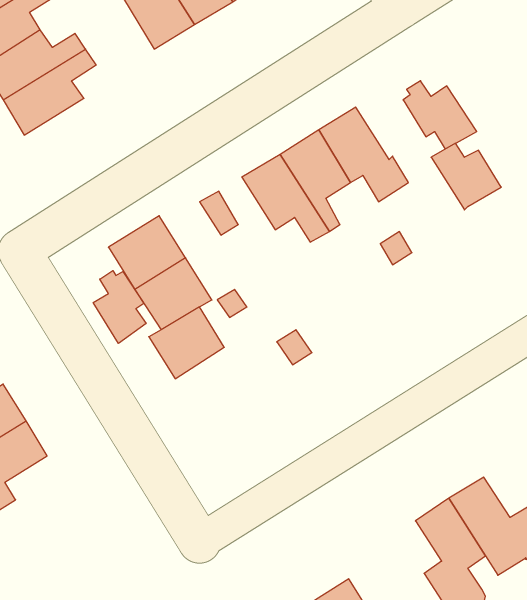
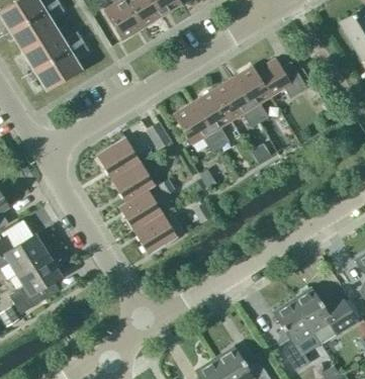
building: [431,143,501,210] -> [239,66,279,104]
building: [93,271,146,343] -> none
building: none -> [134,212,178,255]

